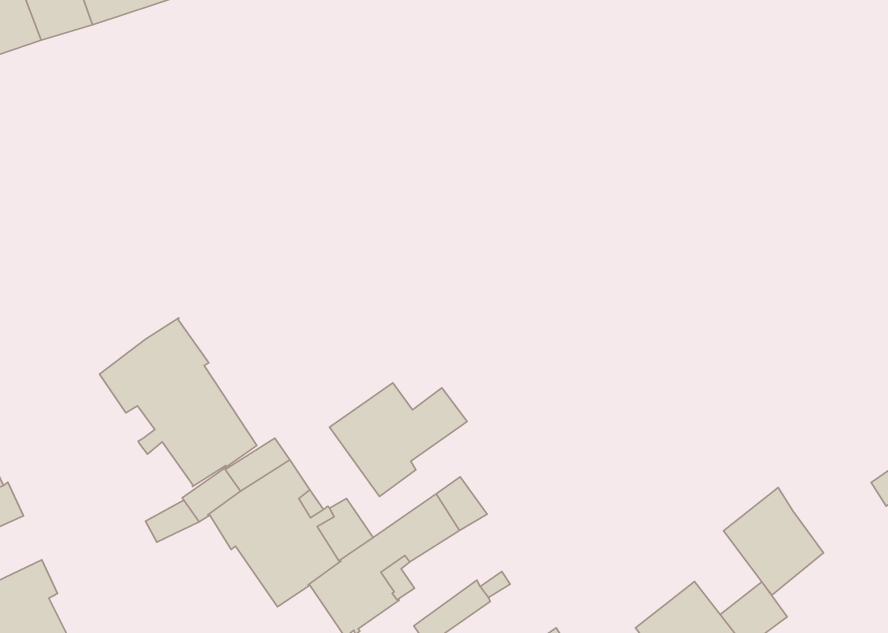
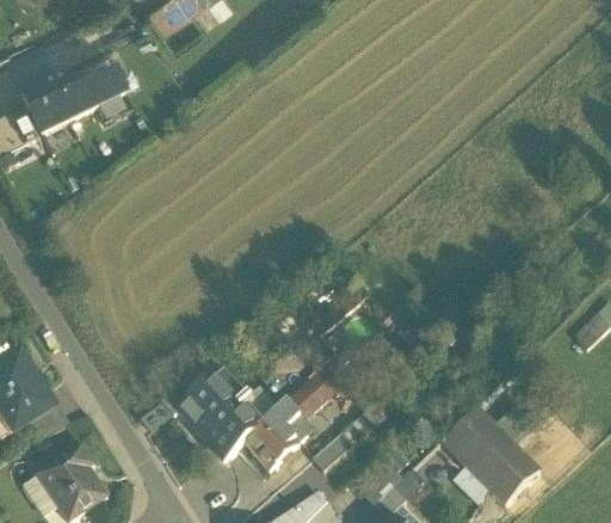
building: [99,318,257,487] -> none
building: [329,383,467,497] -> none
building: [723,487,823,595] -> none

